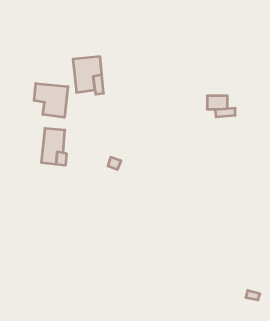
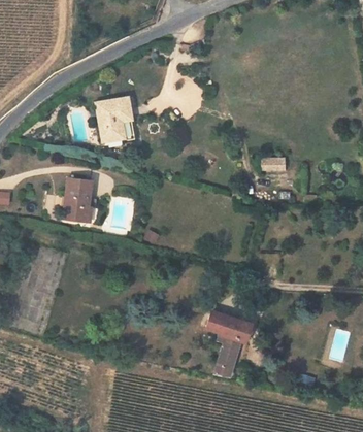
building: [34,83,68,117] -> none
building: none -> [206,311,250,378]

